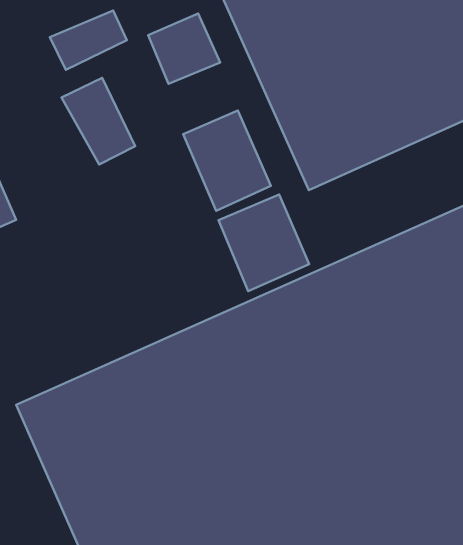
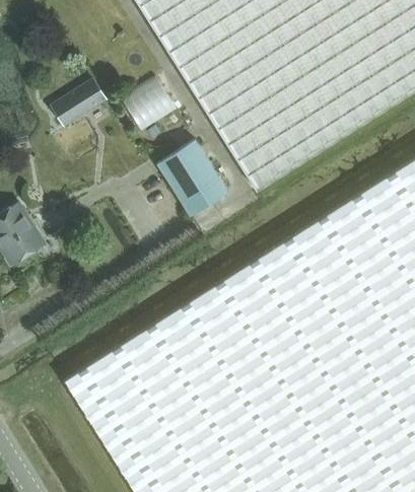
building: [62,78,135,164] -> none
building: [219,194,309,291] -> none

